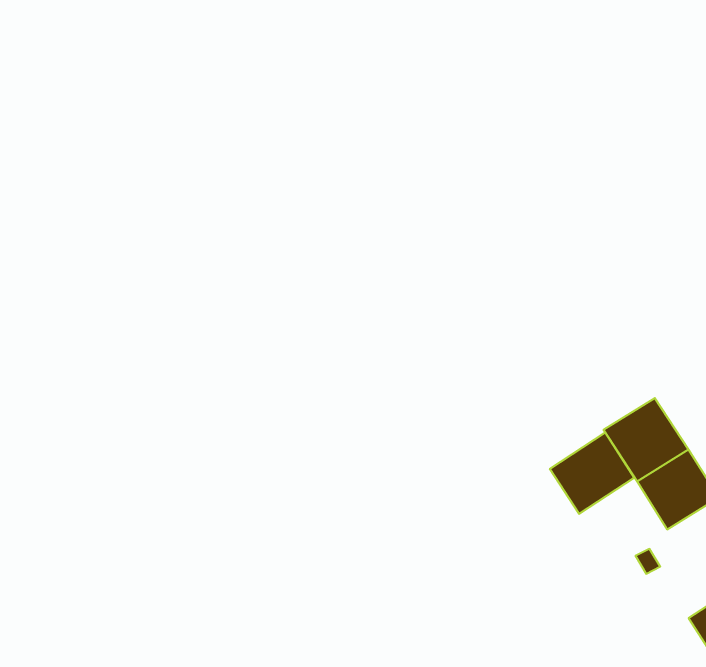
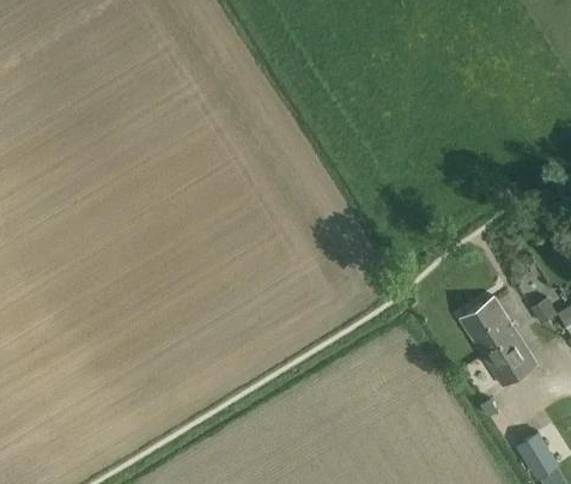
building: [550,433,634,514] -> none

